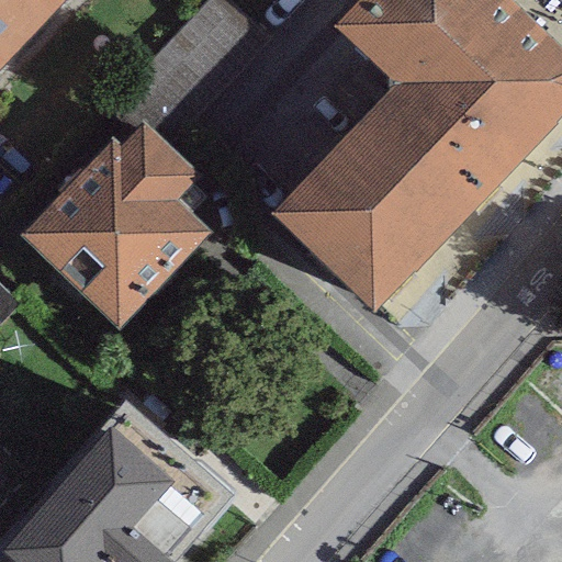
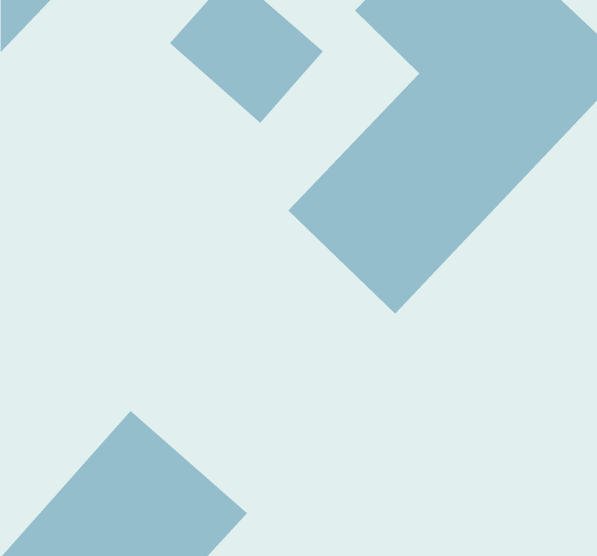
building: [18,122,213,329] -> none

